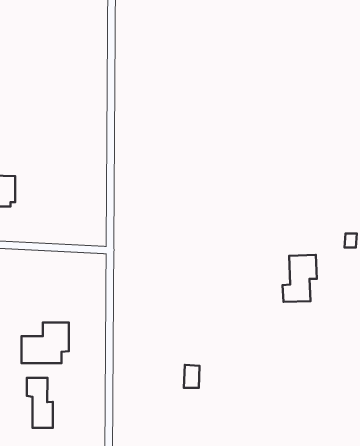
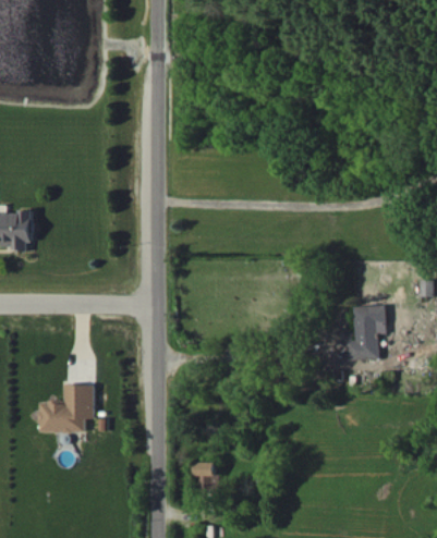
building: [184,365,200,388] -> [195,462,214,489]
building: [27,378,53,428] -> none

